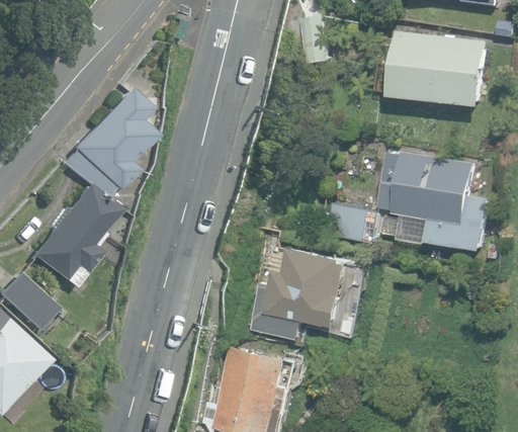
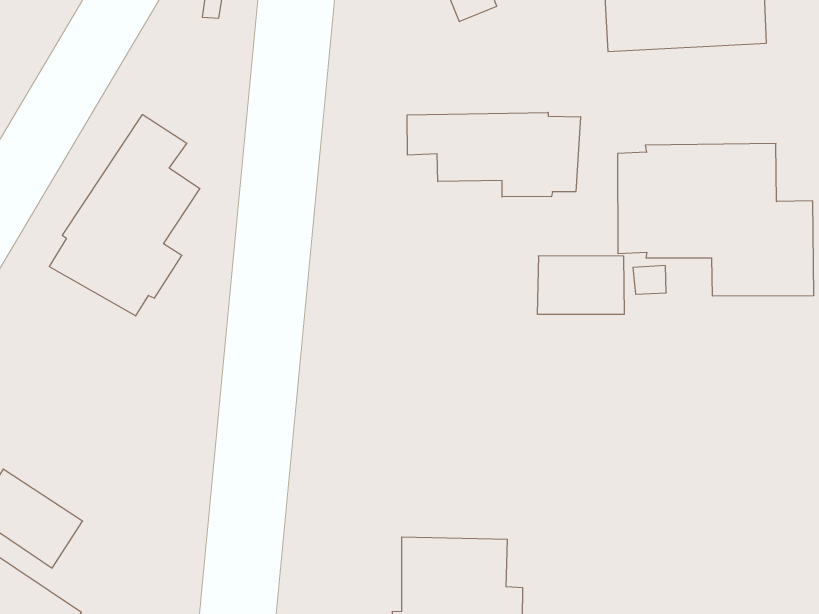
building: none -> [407,112,581,197]
building: [28,183,116,287] -> none
building: [253,249,351,329] -> none

